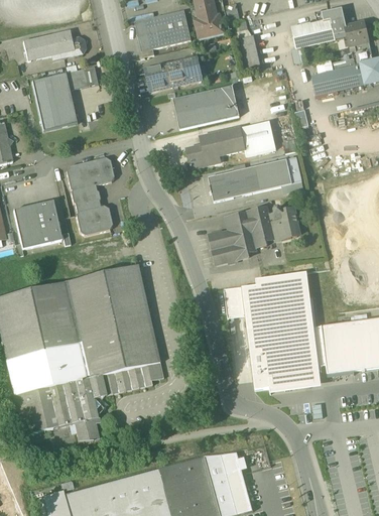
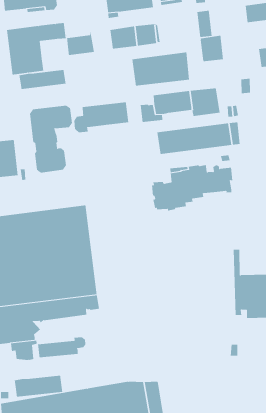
building: none -> [197,35,224,62]
building: none -> [66,31,94,56]
building: none -> [19,69,66,90]
building: none -> [74,102,129,133]
building: [224,272,314,389] -> none
building: none -> [38,336,86,358]
building: none -> [14,375,63,397]

